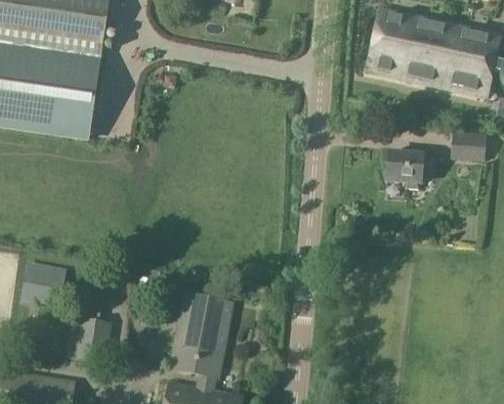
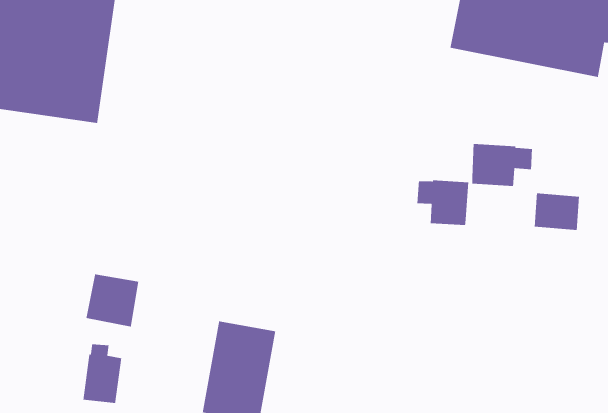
building: [449,127,486,158] -> [534,192,580,231]
building: none -> [417,180,469,226]
building: [20,262,64,305] -> [85,274,139,328]

